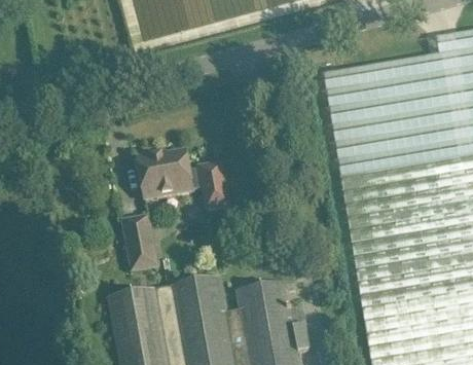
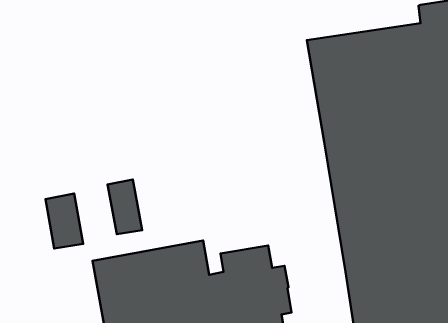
building: [138,152,229,212] -> none
building: none -> [45,193,83,248]

